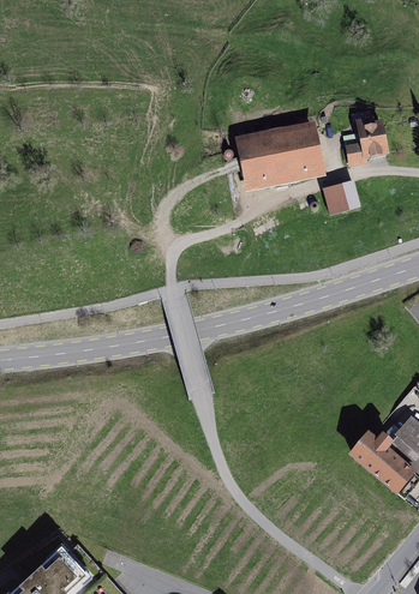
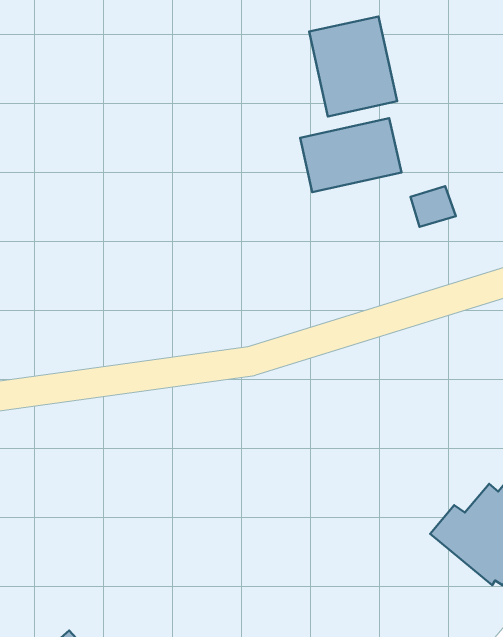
building: none -> [309,16,397,116]
building: [348,116,394,164] -> none

